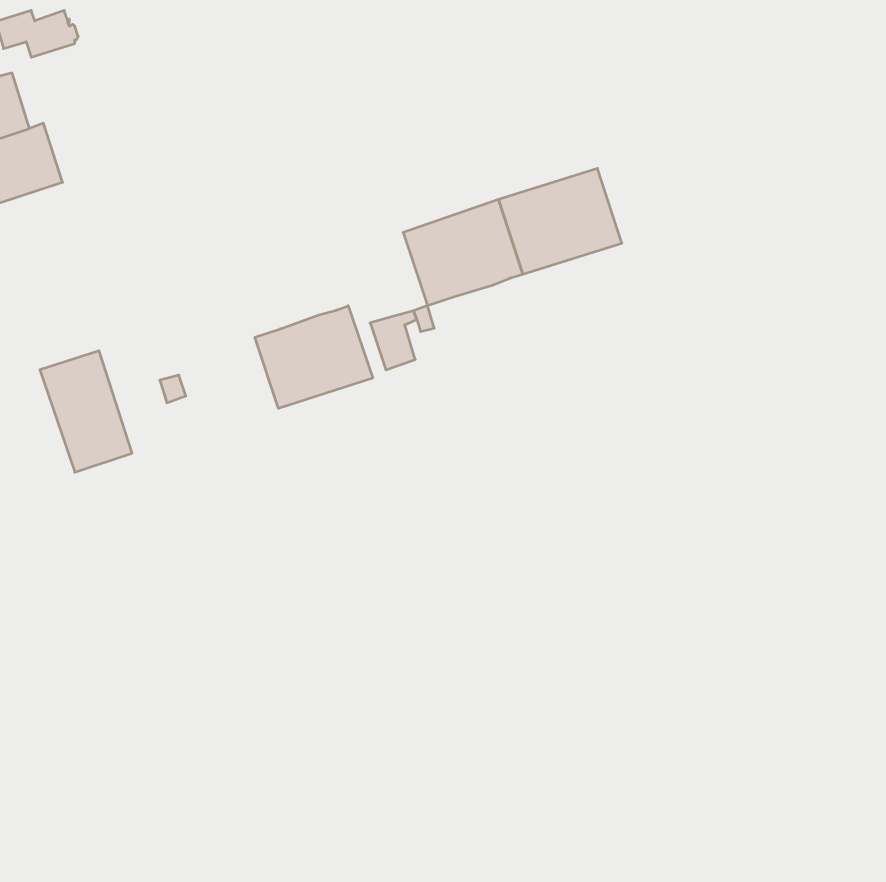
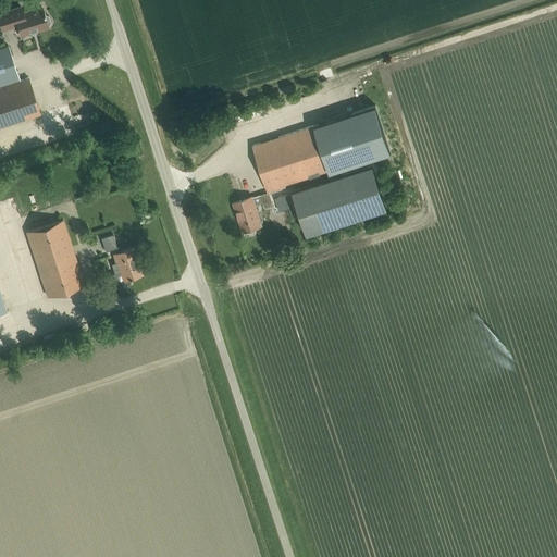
building: none -> [292,168,385,235]
building: [255,306,373,408] -> none
building: none -> [112,250,141,284]

